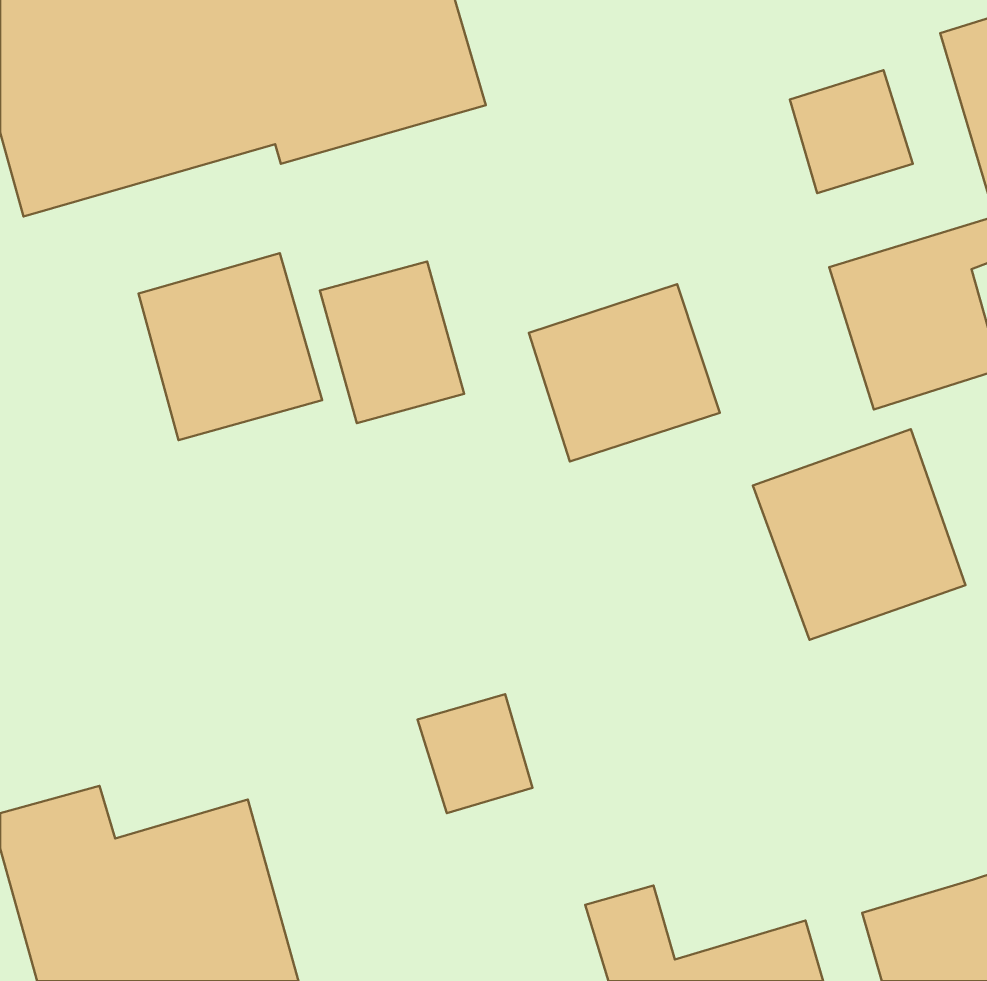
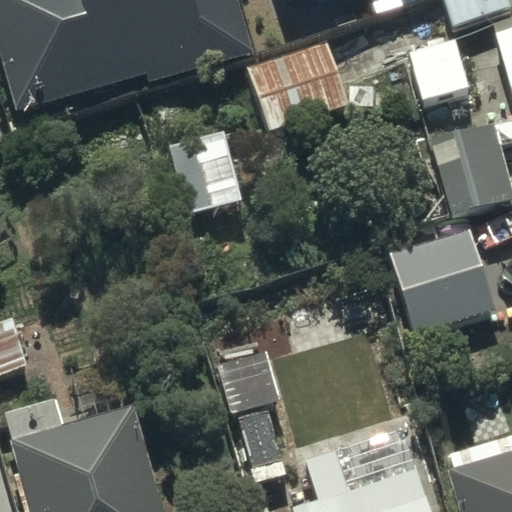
building: [139,253,322,440] -> none
building: [529,284,720,462] -> [249,43,347,134]

